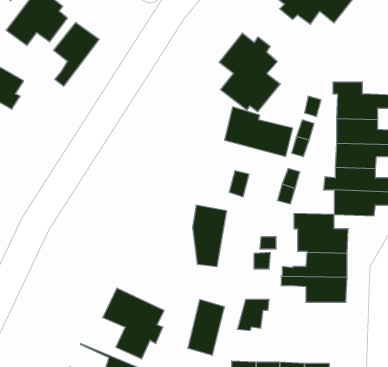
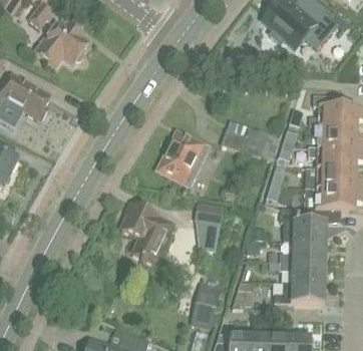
building: [54,22,99,86] -> none
building: [219,33,280,112] -> none
building: none -> [159,134,207,184]
building: [103,288,164,359] -> [120,204,172,264]
building: none -> [274,283,324,304]

